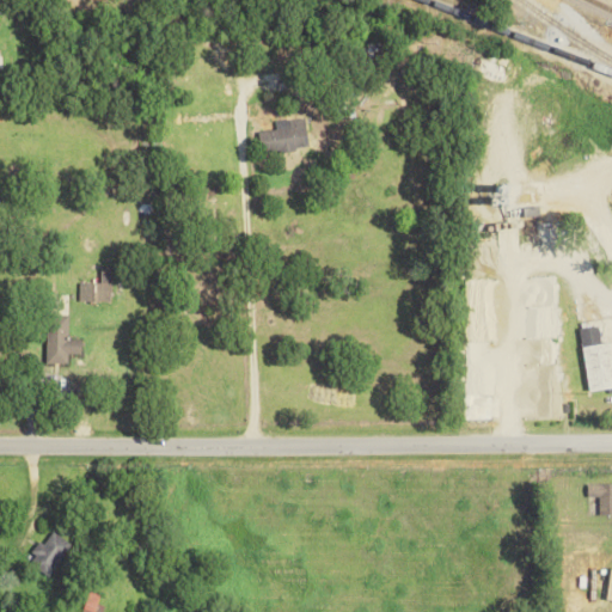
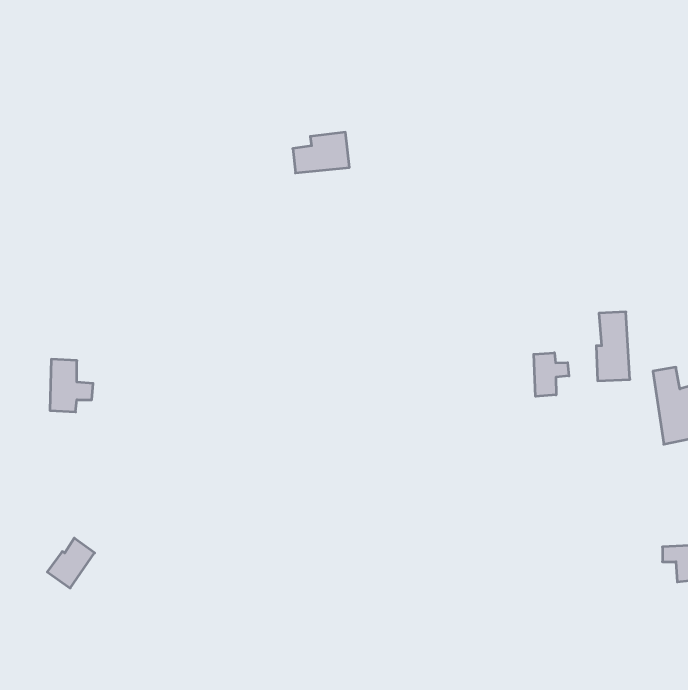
building: [80,269,112,301] -> none
building: none -> [534,353,569,396]
building: [30,531,72,575] -> [47,538,95,588]

